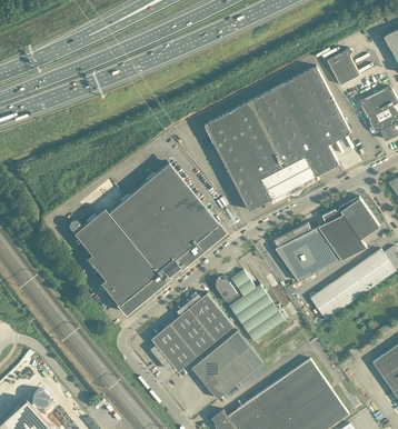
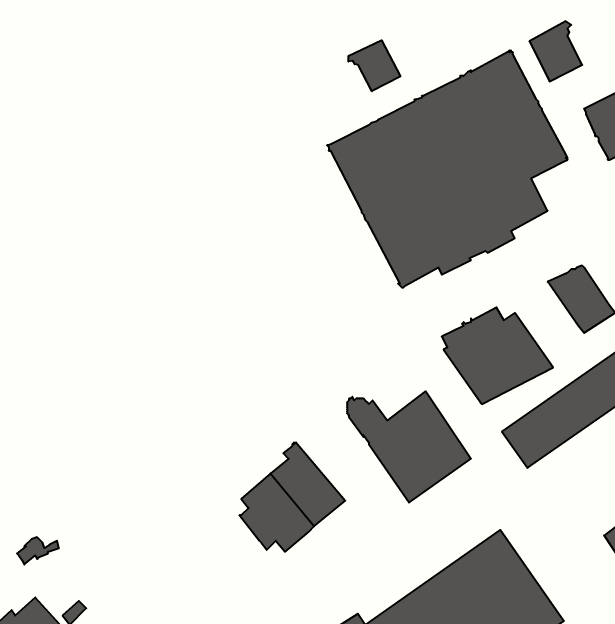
building: none -> [348,40,400,91]
building: [73,163,223,313] -> none
building: [318,209,366,260] -> none
building: [185,293,233,341] -> none
building: [191,331,262,399] -> none

